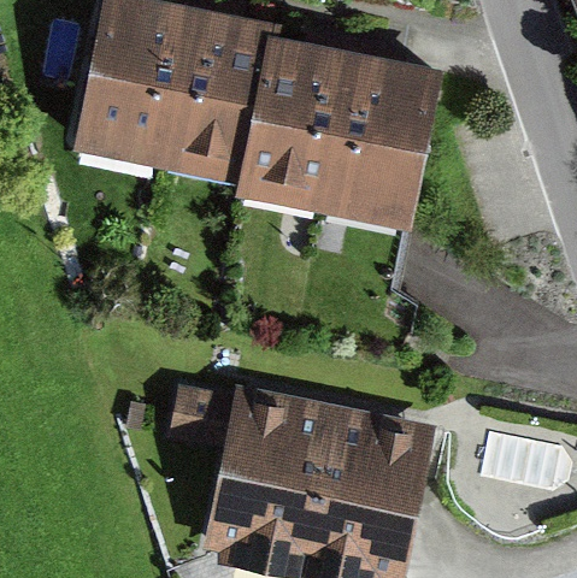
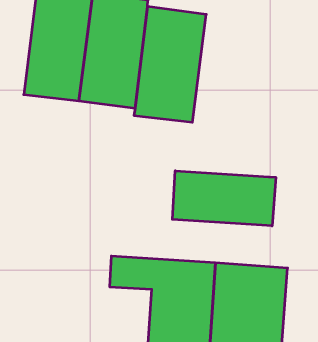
building: [318,49,438,228] -> none
building: none -> [172,171,276,226]

